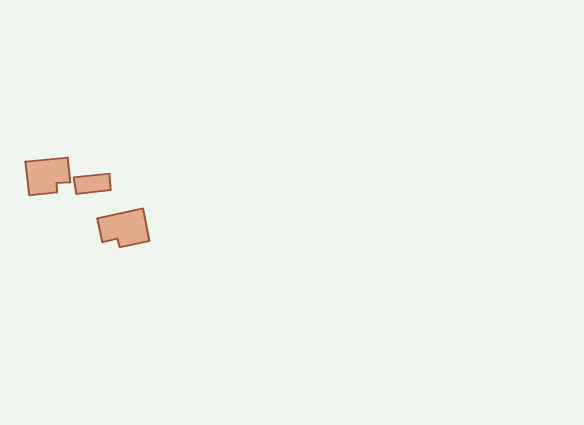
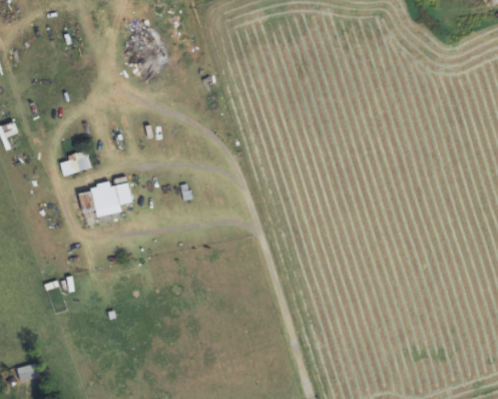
building: [25,157,70,195] -> none

